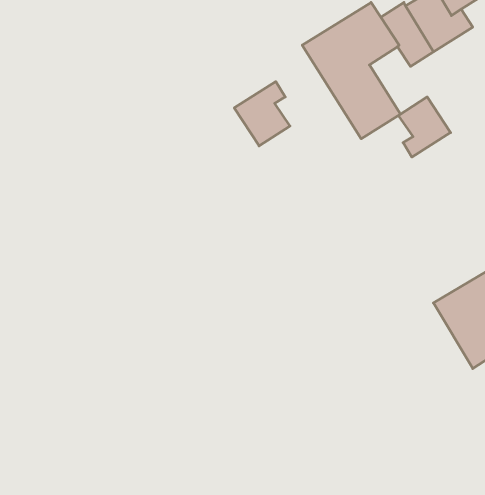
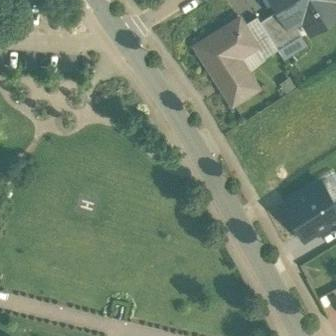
building: [234,82,290,146] -> none
building: [399,97,451,157] -> none

